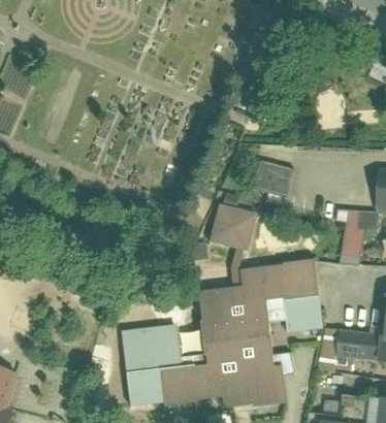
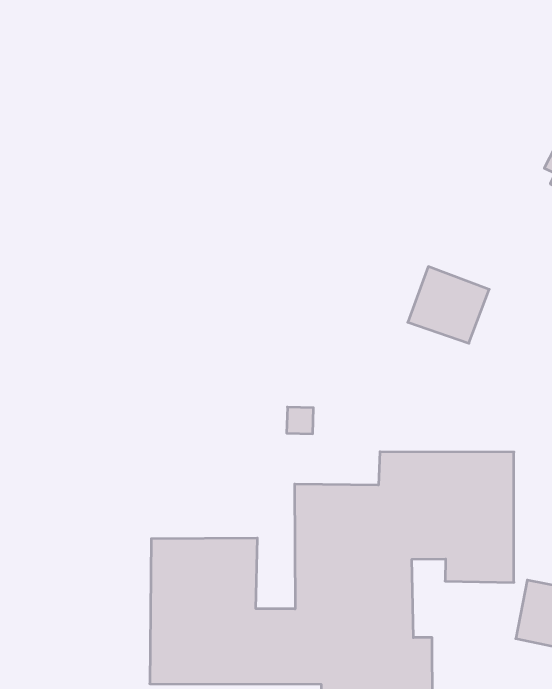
building: [208,203,257,251] -> none

